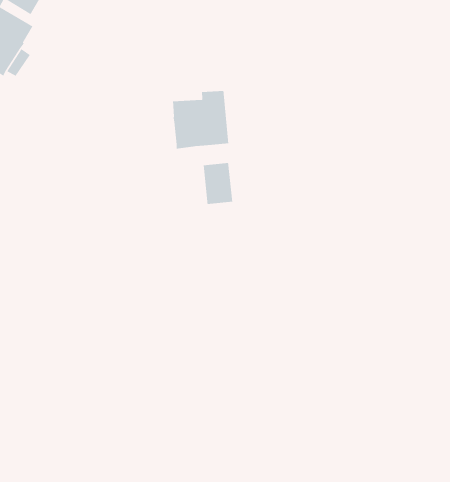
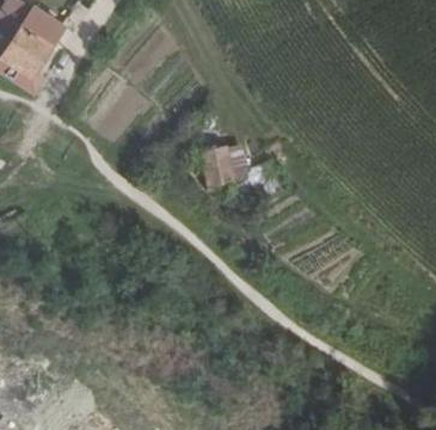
building: [172,90,229,150] -> none

